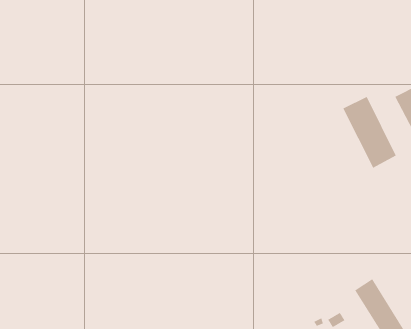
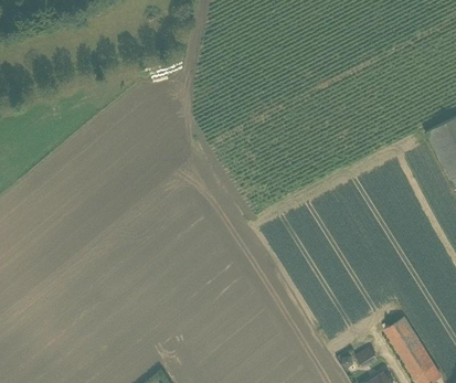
building: [342,96,397,169] -> none

